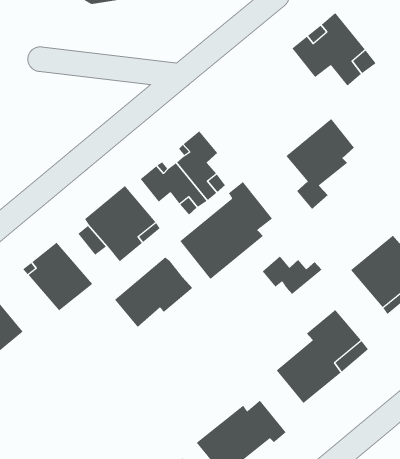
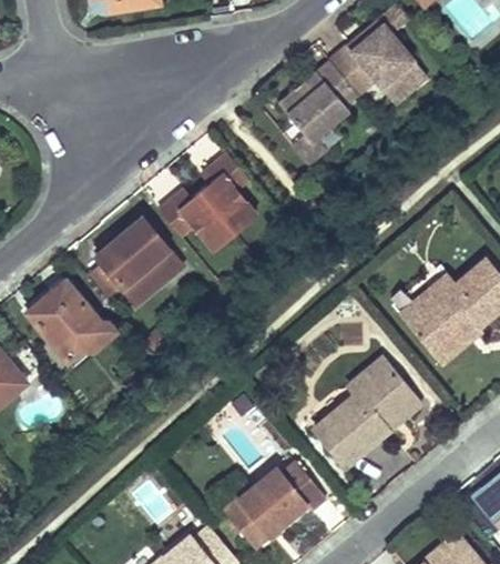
building: [285,118,355,210] -> [279,61,358,165]
building: [179,181,273,280] -> none
building: [262,255,323,295] -> none
building: [114,256,193,328] -> none

